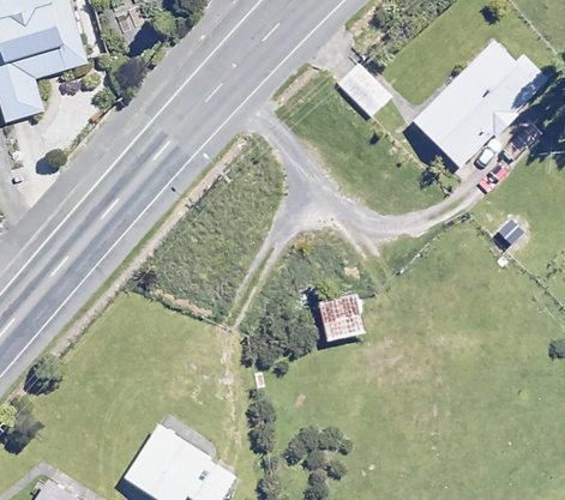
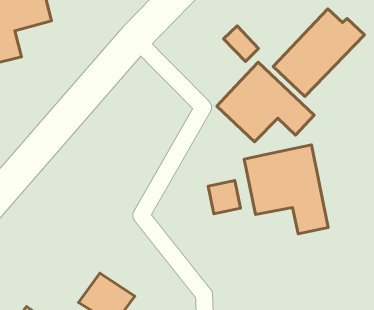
building: none -> [217,62,314,142]
building: none -> [244,145,328,234]

